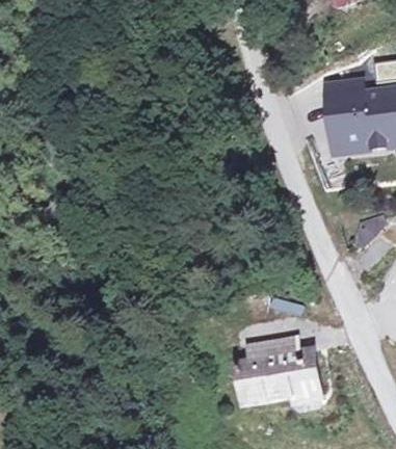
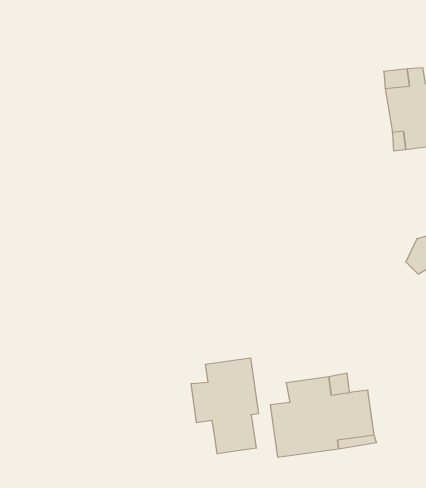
building: none -> [191,358,258,454]

